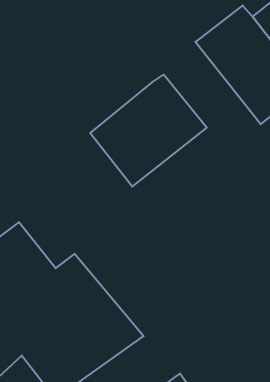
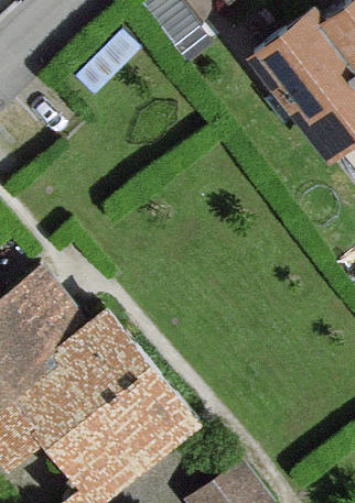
building: [90,75,207,187] -> none

